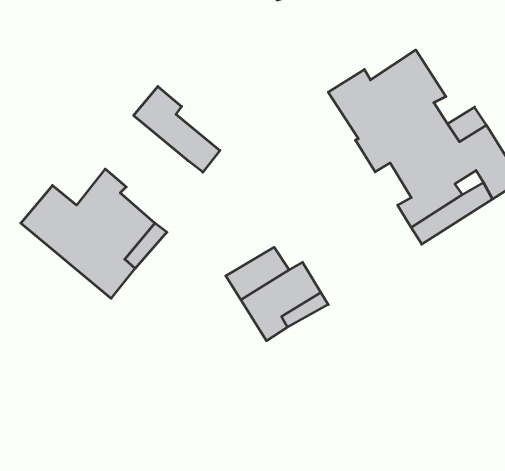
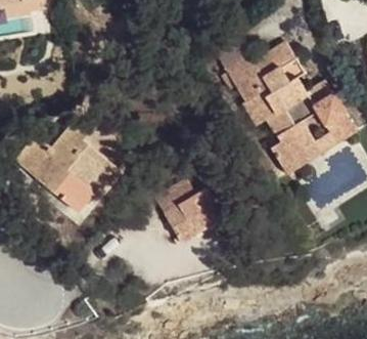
building: [134,86,220,172] -> none

